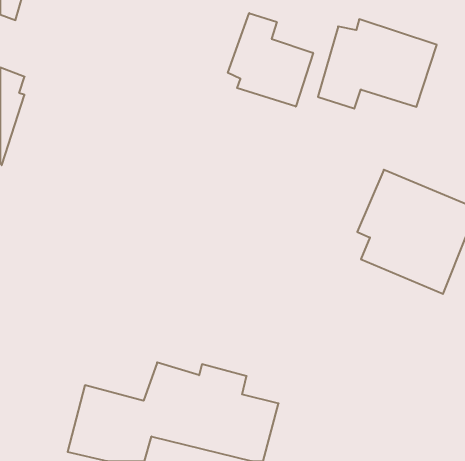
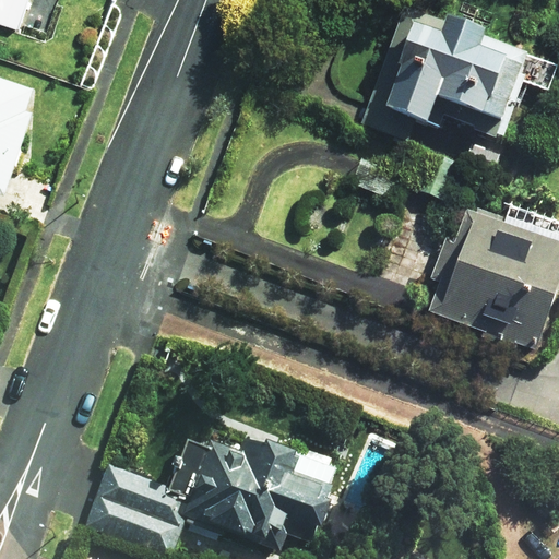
building: [228,13,313,107] -> none

